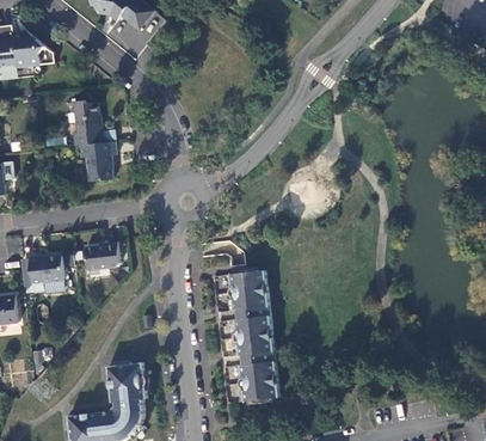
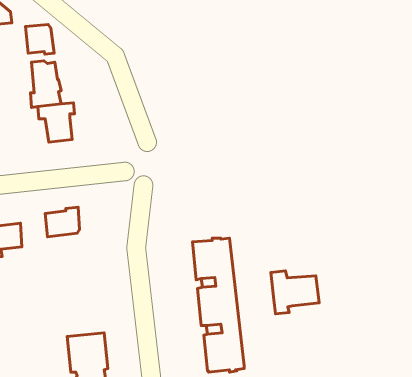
building: none -> [26,24,54,54]
building: none -> [271,271,319,314]

